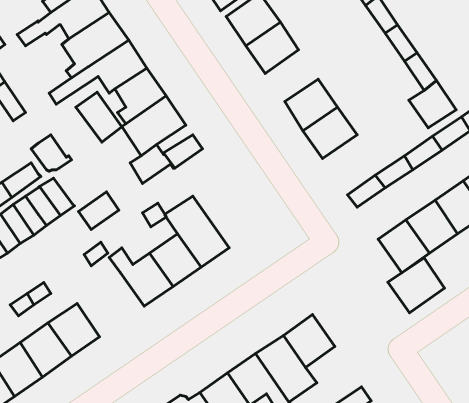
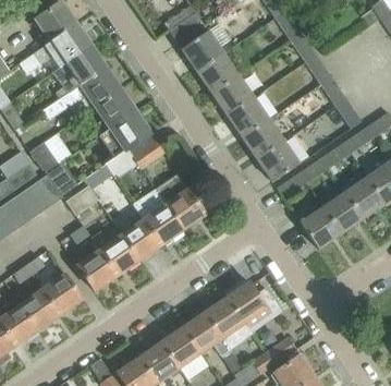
building: none -> [212,74,254,114]
building: [76,92,122,142] -> none
building: none -> [257,141,300,182]
building: none -> [156,173,206,229]
building: [388,258,445,313] -> none
building: none -> [77,249,118,291]

